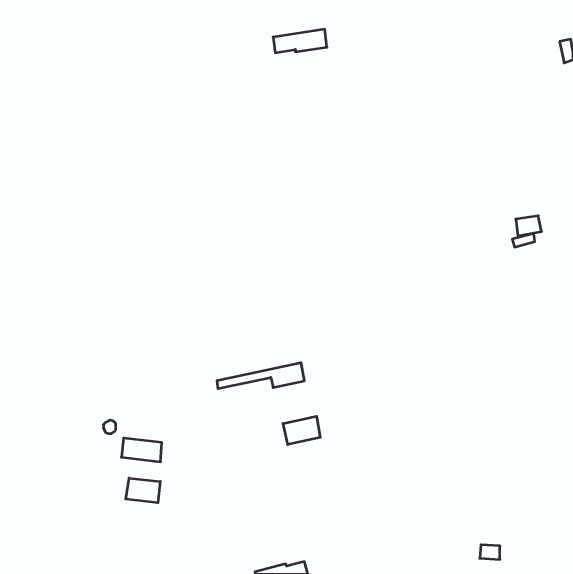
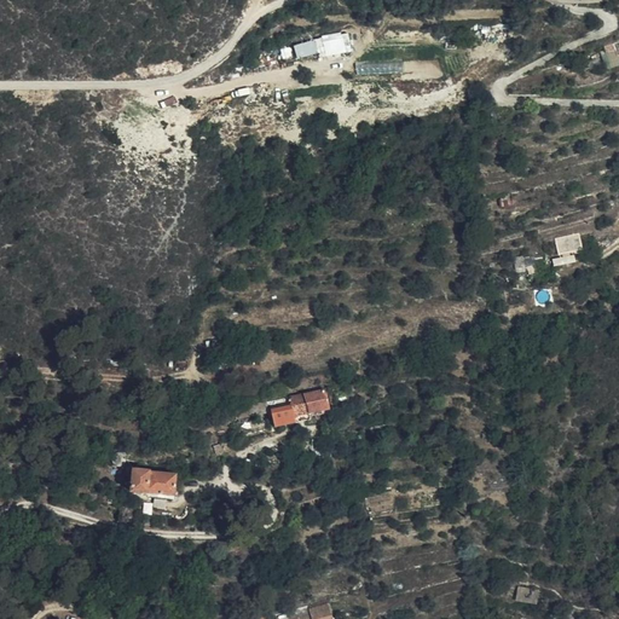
building: [283,416,320,445] -> none
building: [126,478,160,503] -> none

